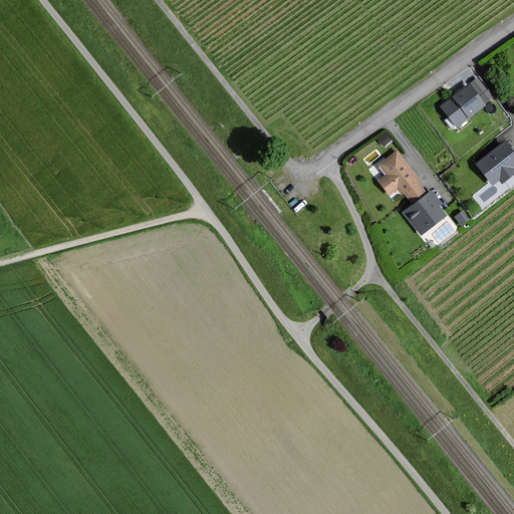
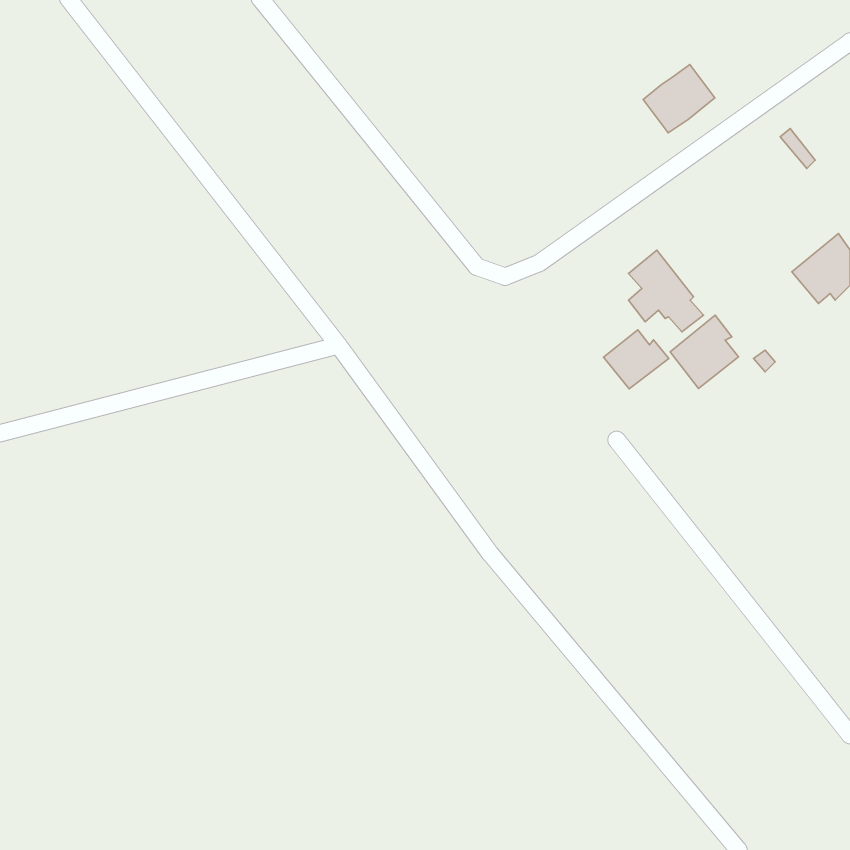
building: [441,84,484,125] -> [643,65,715,133]
building: none -> [603,330,669,389]

